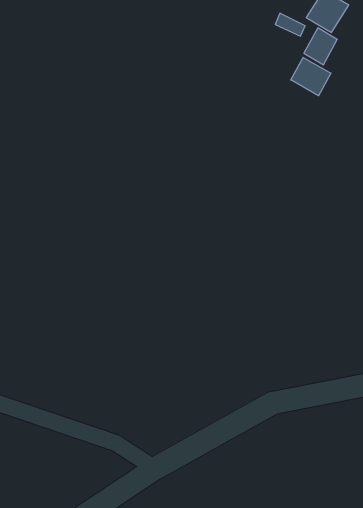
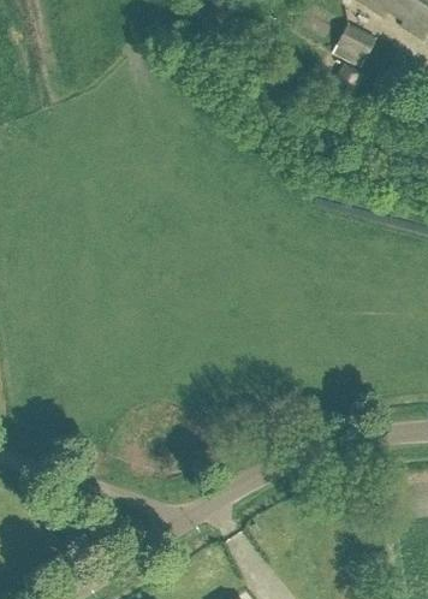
building: [291,57,331,96] -> none

